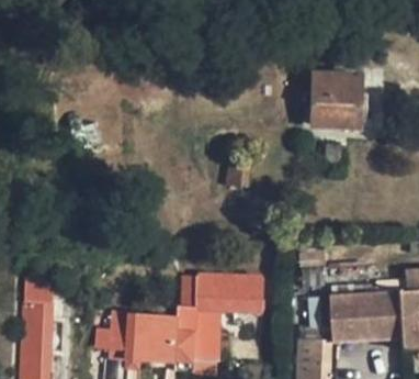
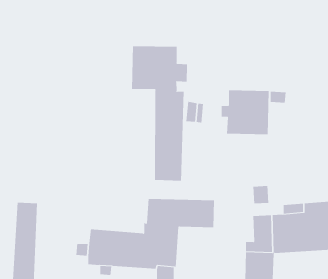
building: [303,71,361,125] -> [221,90,269,135]
building: none -> [131,45,188,181]

